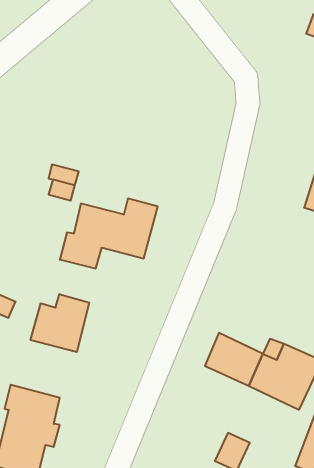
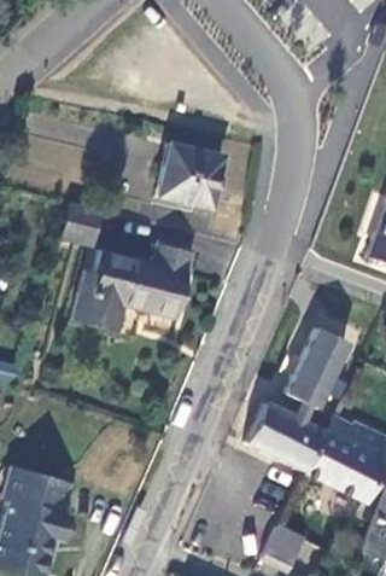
building: none -> [159,145,224,206]
building: none -> [285,328,335,403]
building: [31,294,89,352] -> none

